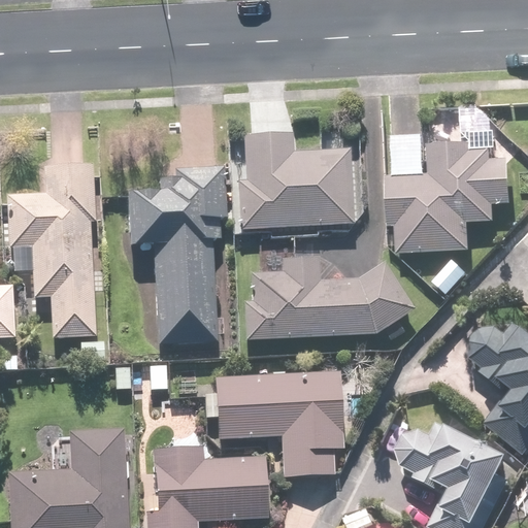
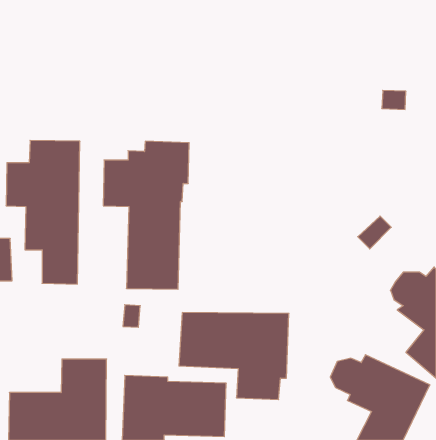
building: [238,135,353,227] -> none
building: [390,138,512,253] -> none
building: [240,259,415,341] -> none

